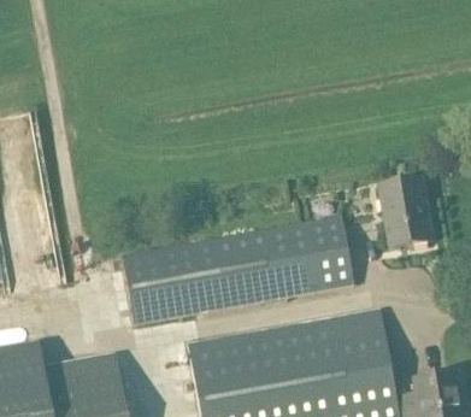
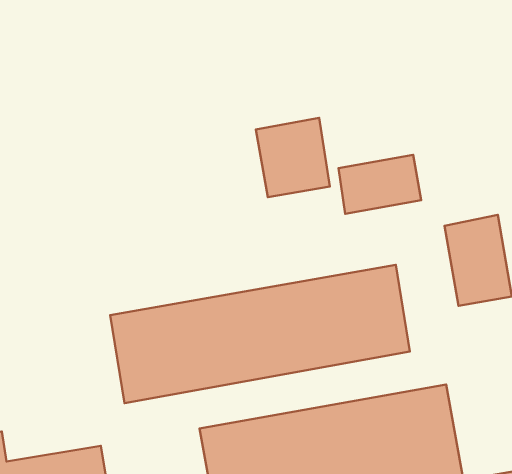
building: none -> [256,118,330,197]
building: none -> [339,155,421,214]

